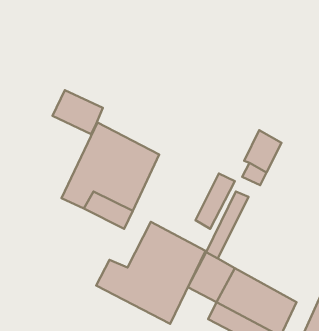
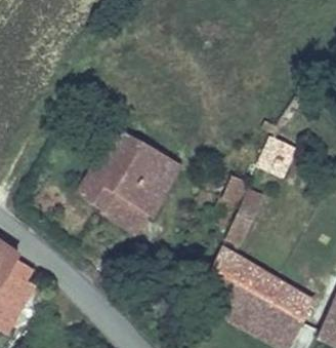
building: [53,90,103,134] -> none
building: [96,222,206,324] -> none

